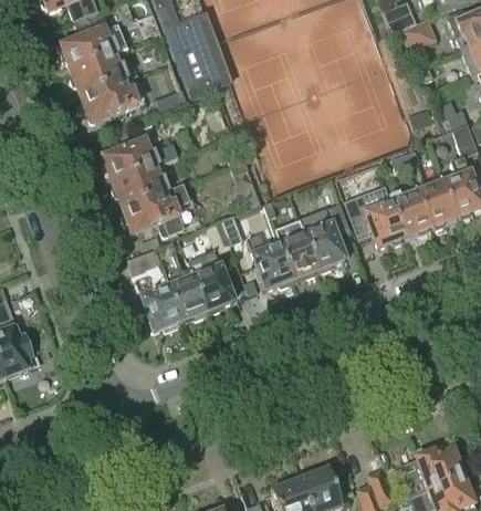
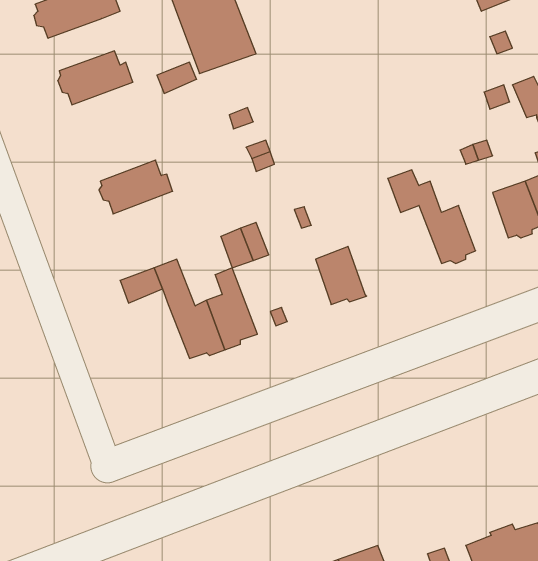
building: [70,54,127,95] -> none
building: [101,138,177,181] -> none
building: [121,184,188,233] -> none
building: [391,190,430,236] -> none
building: [305,202,348,271] -> none
building: [247,233,292,288] -> none
building: [136,277,181,331] -> none

